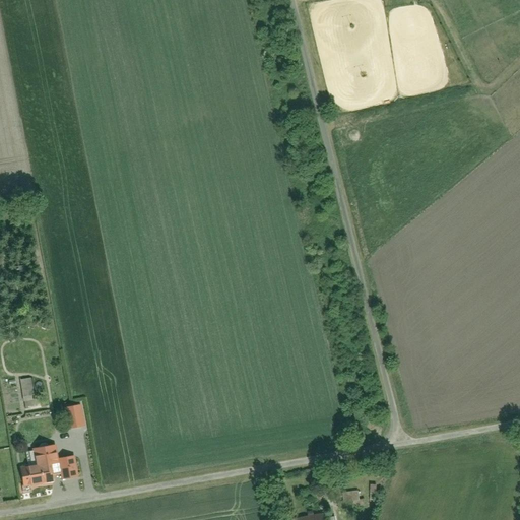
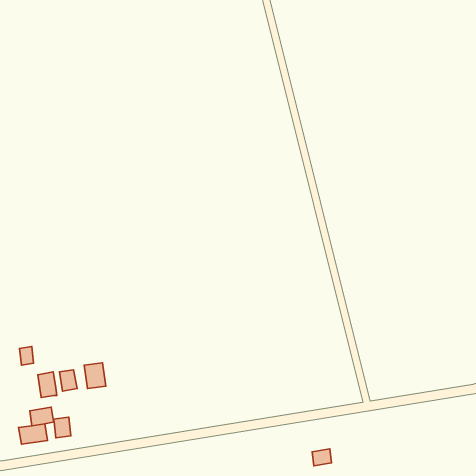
building: none -> [84,363,106,388]
building: none -> [38,372,57,398]

